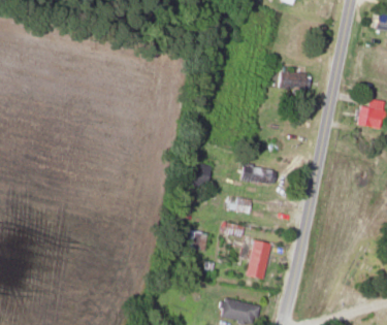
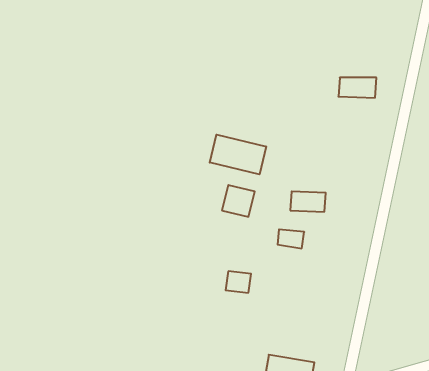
building: none -> [210,135,266,174]
building: [247,239,269,279] -> none

